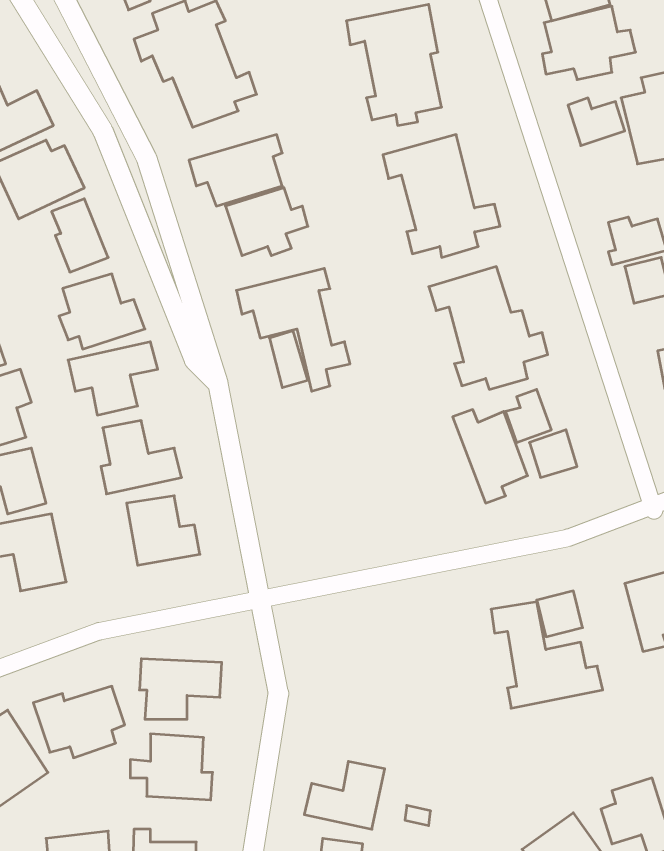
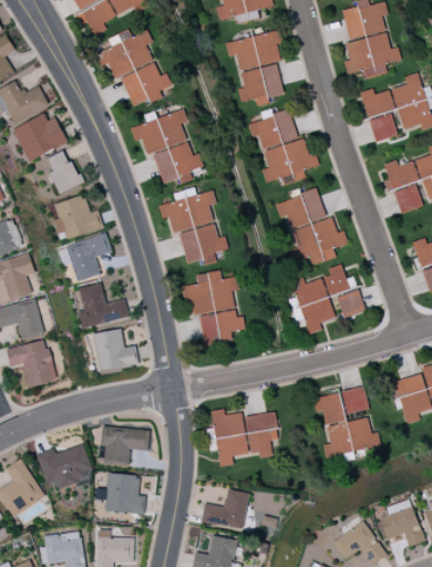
building: none -> [370,115,397,141]
building: none -> [183,271,246,346]
building: none -> [212,409,279,466]

